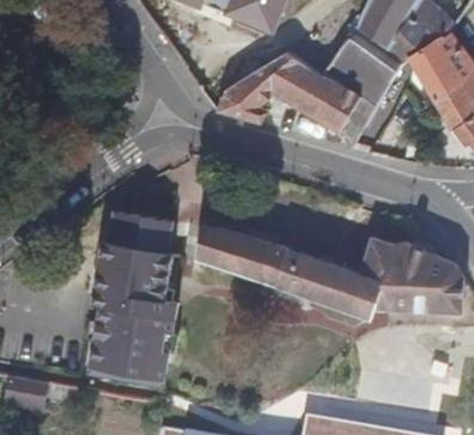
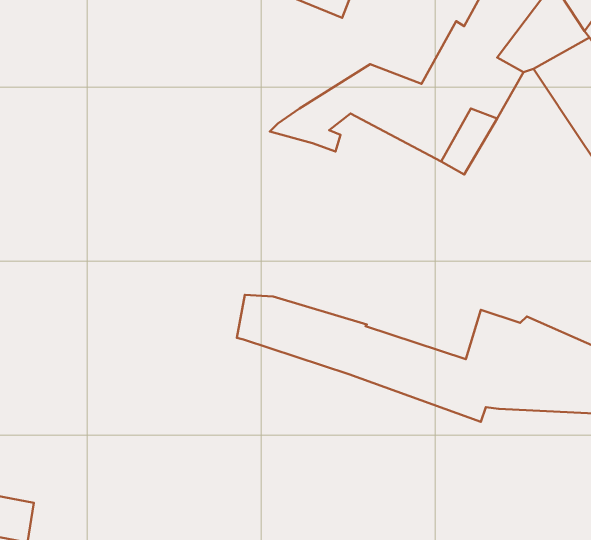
building: [84,209,175,386] -> none

